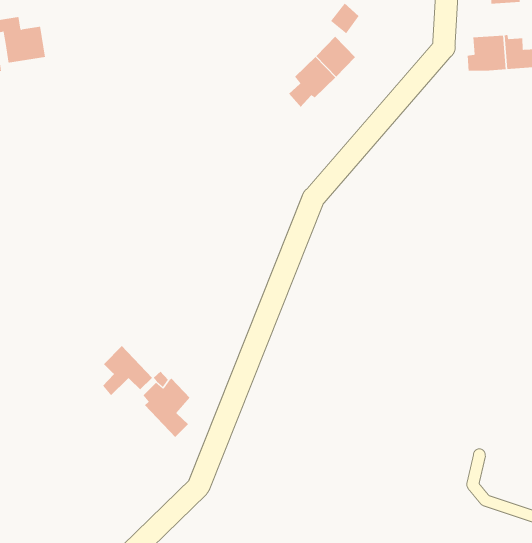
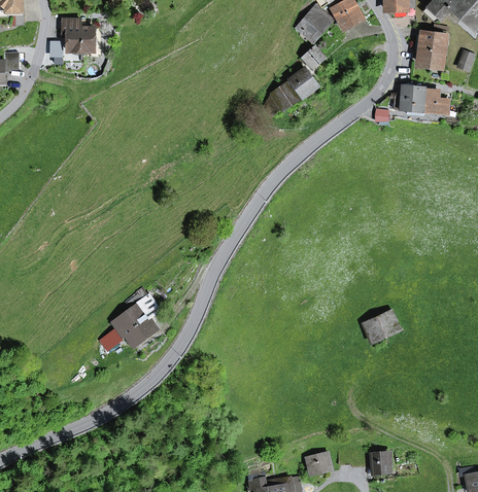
building: [102,345,153,396] -> [108,311,145,346]
building: none -> [363,310,401,343]

